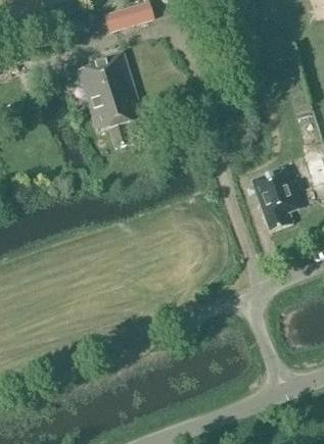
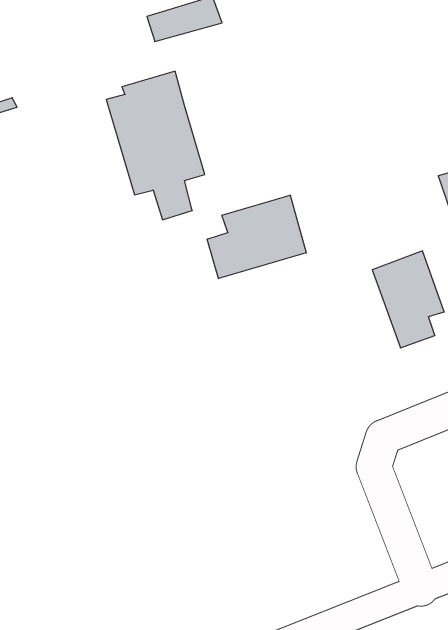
building: none -> [207,195,306,279]

